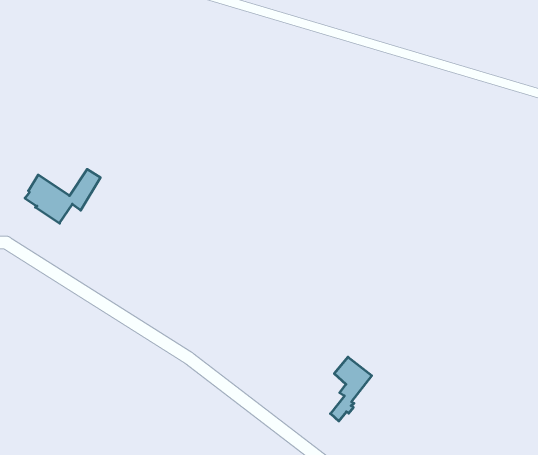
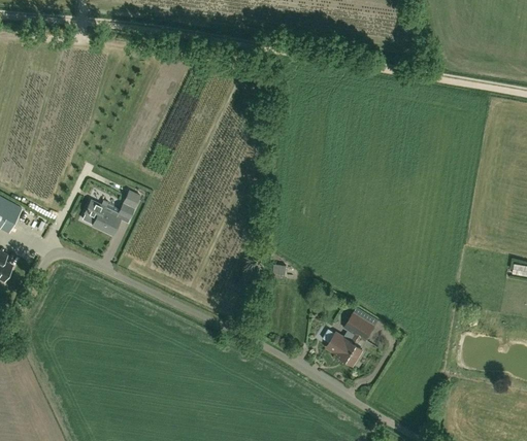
building: none -> [323,328,355,359]

